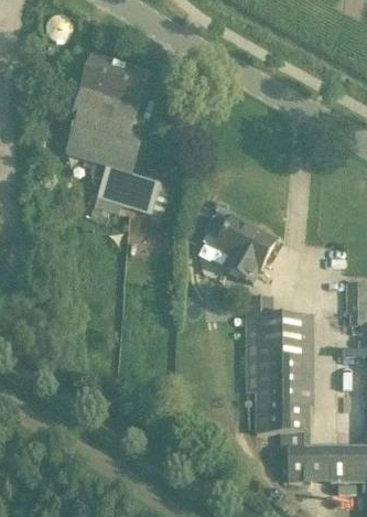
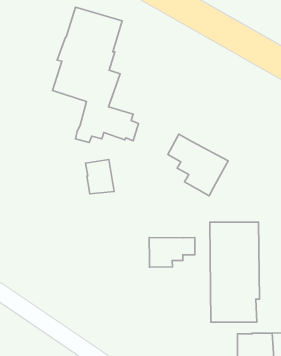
building: none -> [86,159,114,194]
building: none -> [149,237,195,267]

